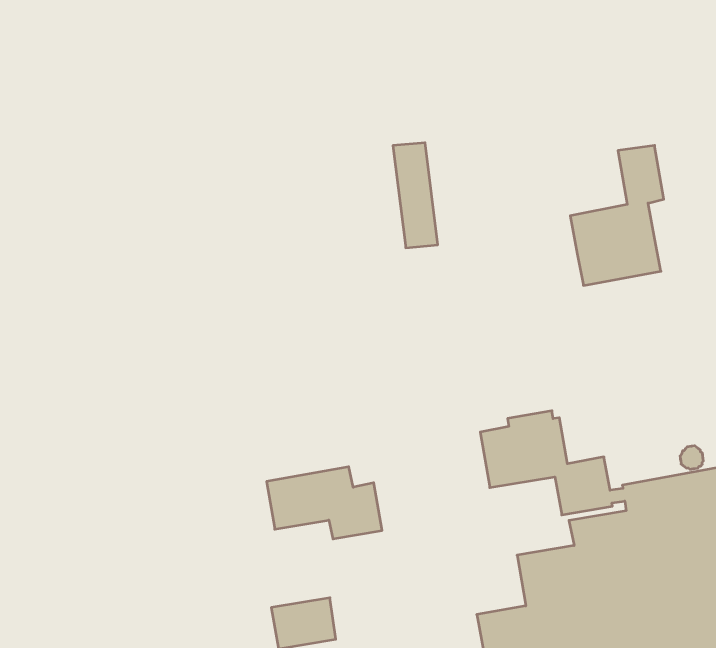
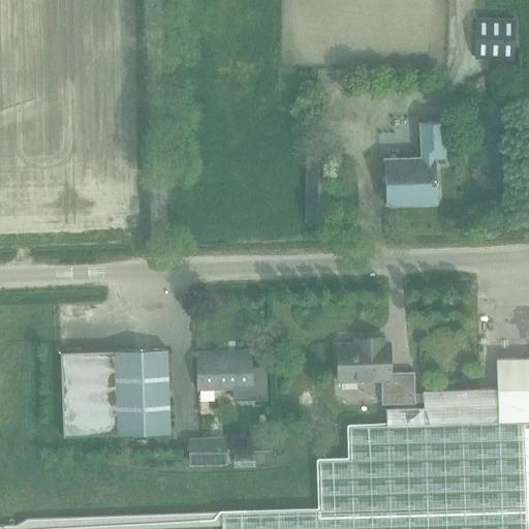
building: [570,145,664,285] -> [383,123,444,206]
building: none -> [61,350,170,438]

